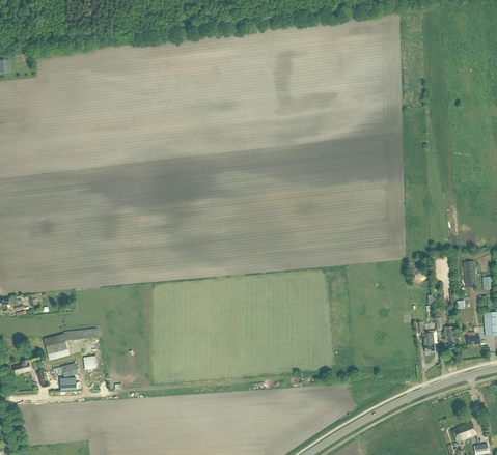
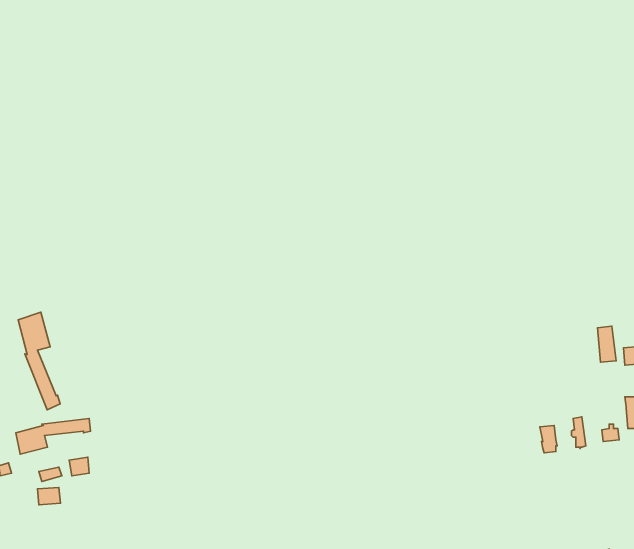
building: none -> [18,312,60,410]

